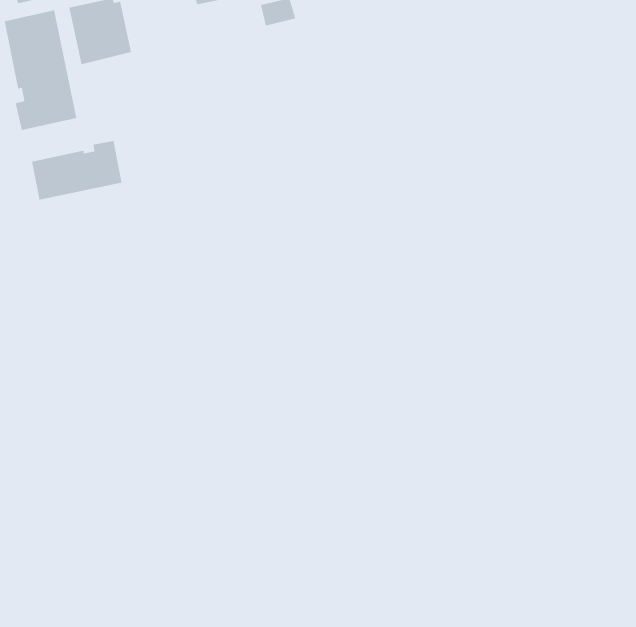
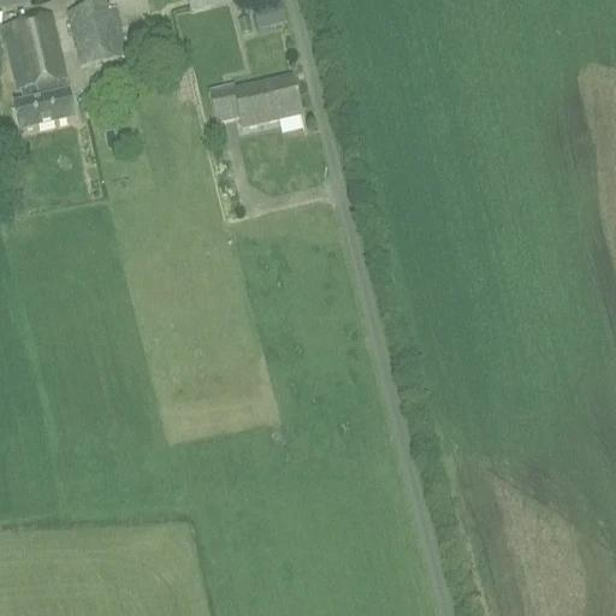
building: none -> [209,72,300,124]
building: [31,140,122,200] -> none

